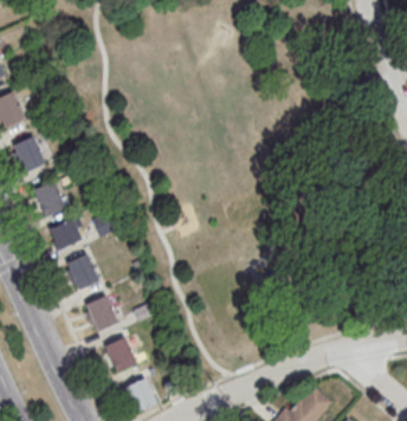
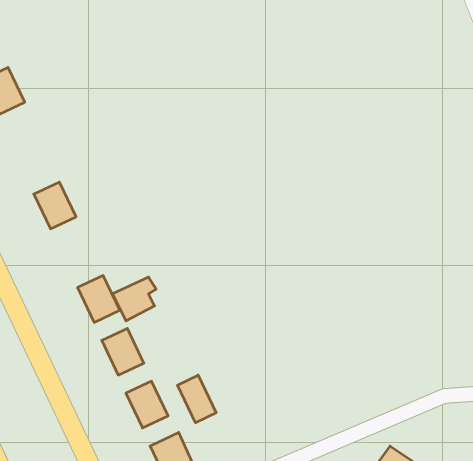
building: [14,135,46,171] -> none
building: [50,215,84,250] -> [112,277,156,321]
building: none -> [178,375,216,423]

